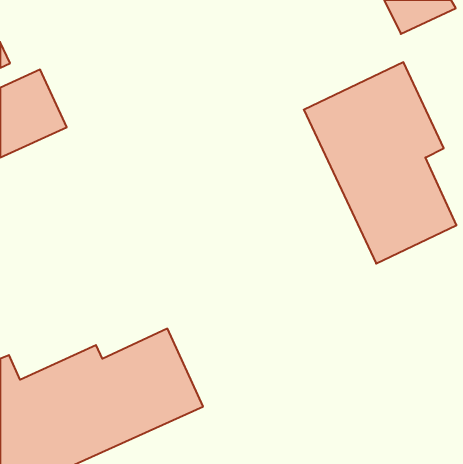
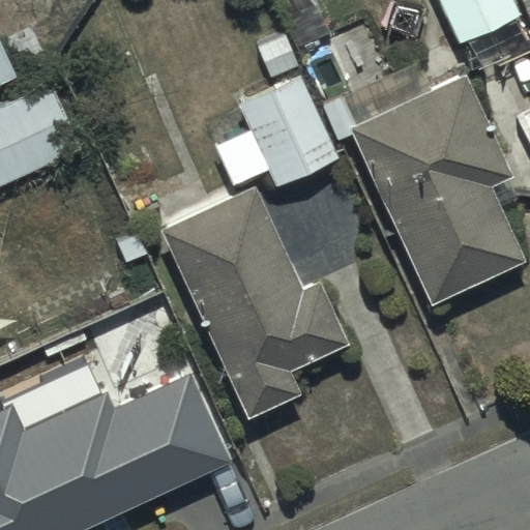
building: none -> [215,35,340,185]
building: none -> [160,185,346,416]

